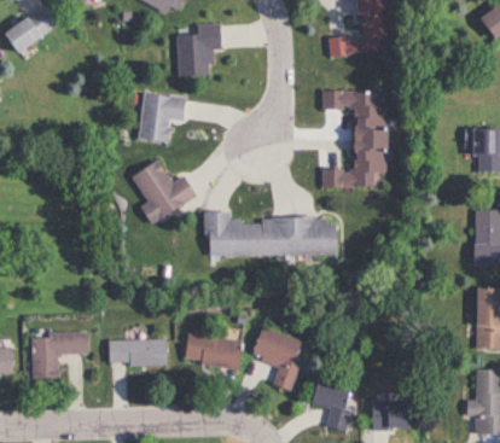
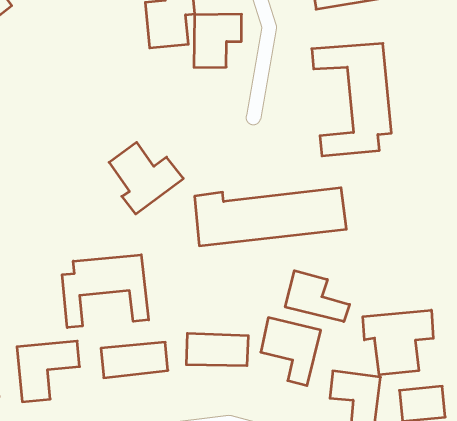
building: [139,93,186,142] -> [194,14,242,67]
building: none -> [62,255,149,328]
building: none -> [285,271,350,322]
building: none -> [363,310,433,375]

